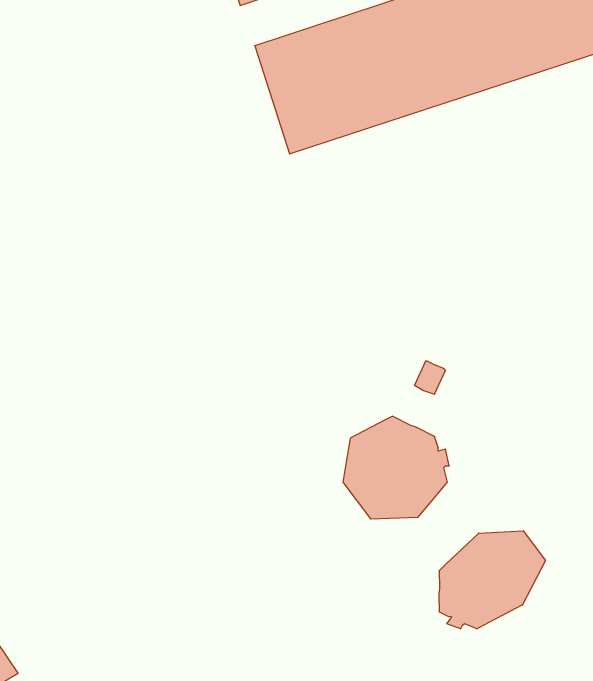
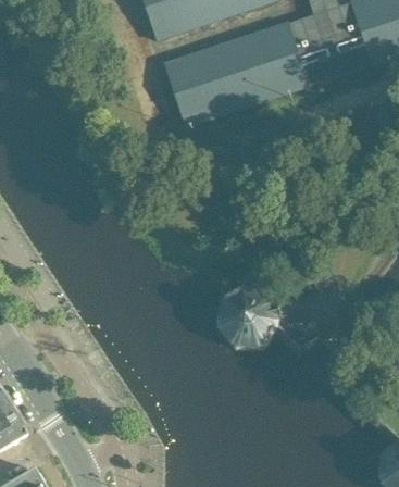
building: [439,531,546,629] -> none

